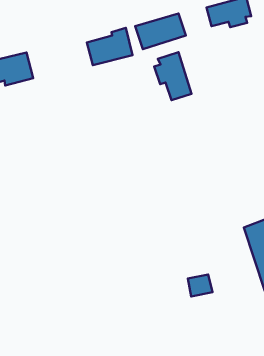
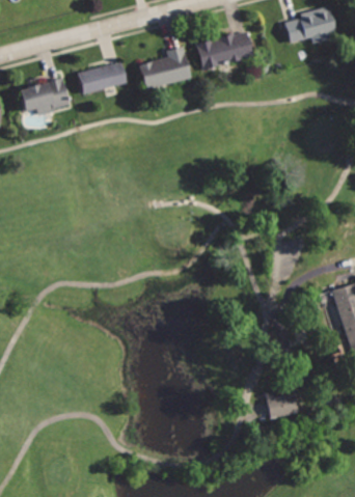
building: none -> [78,58,127,94]
building: [154,52,191,100] -> none
building: [188,274,212,296] -> [267,391,297,418]

